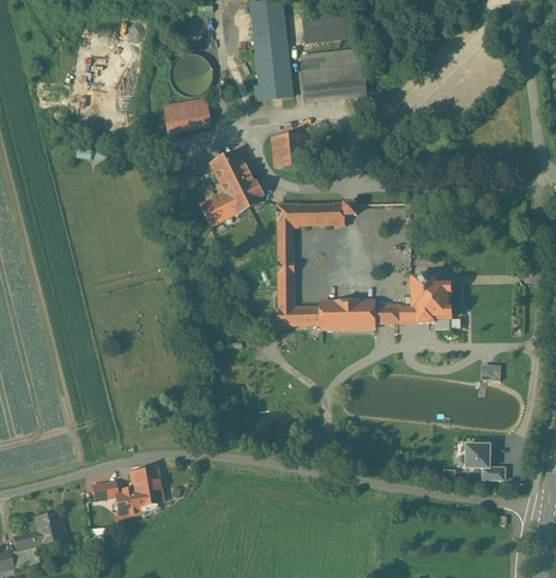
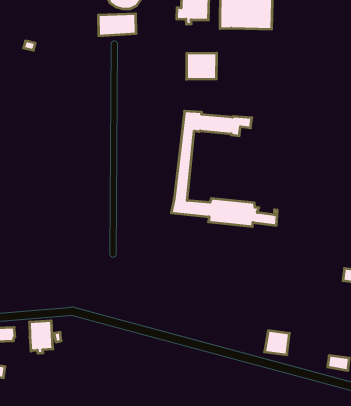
building: [201,150,262,224] -> none
building: [399,275,452,327] -> none
building: [464,442,490,468] -> [264,331,290,355]
building: [114,487,138,517] -> none

